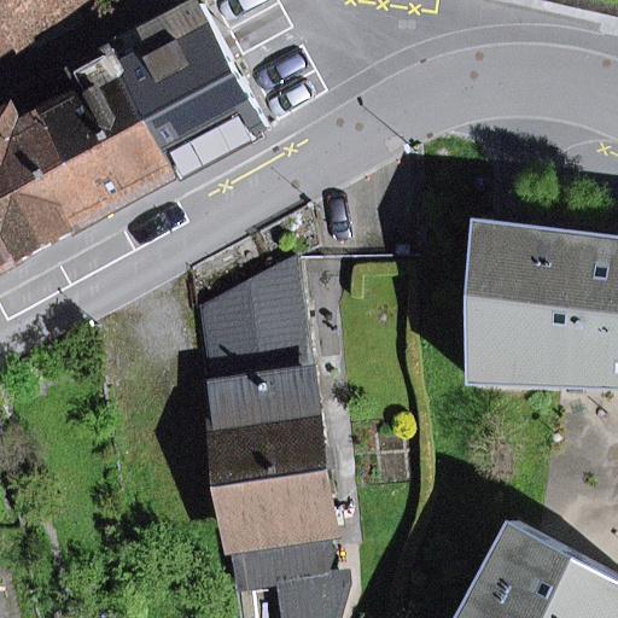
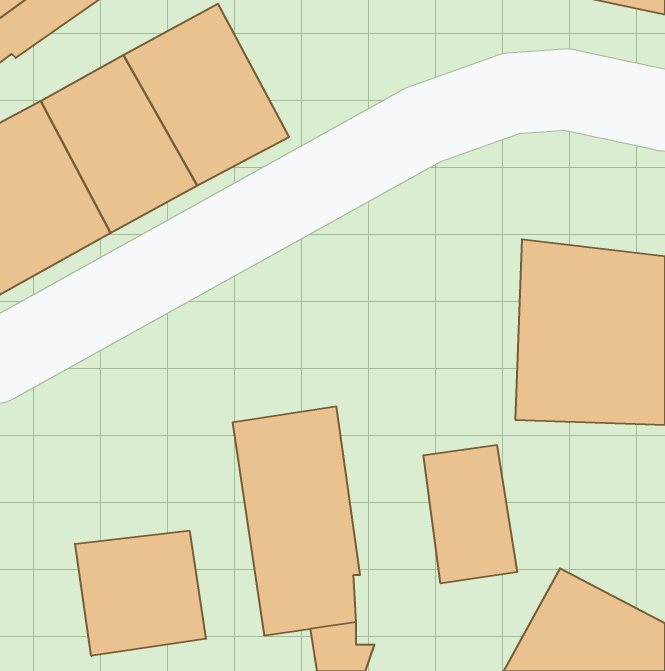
building: [202,257,309,387] -> none
building: none -> [424,445,517,583]
building: none -> [75,531,206,656]

